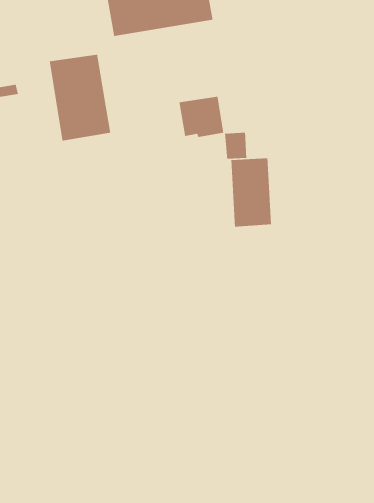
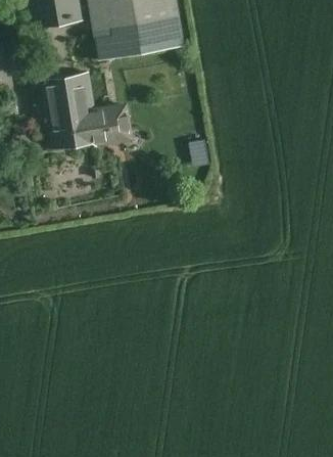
building: [179,96,224,138] -> [92,106,131,142]
building: [231,158,272,228] -> none

